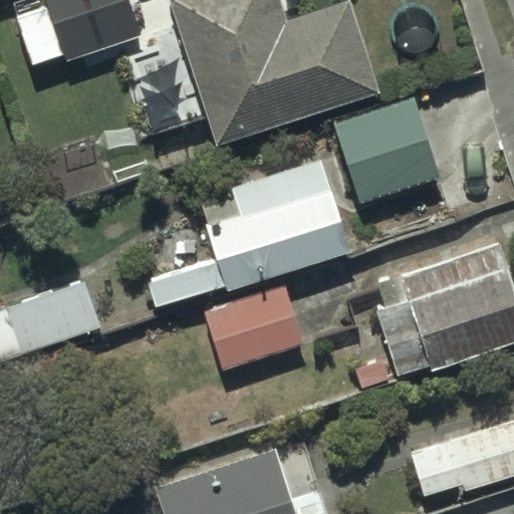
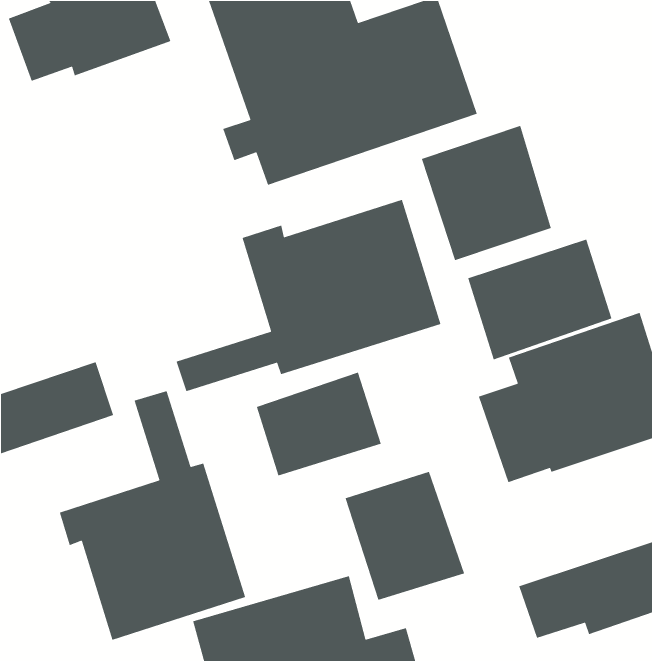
building: none -> [467,239,613,361]
building: none -> [59,390,246,641]
building: none -> [344,471,465,601]

